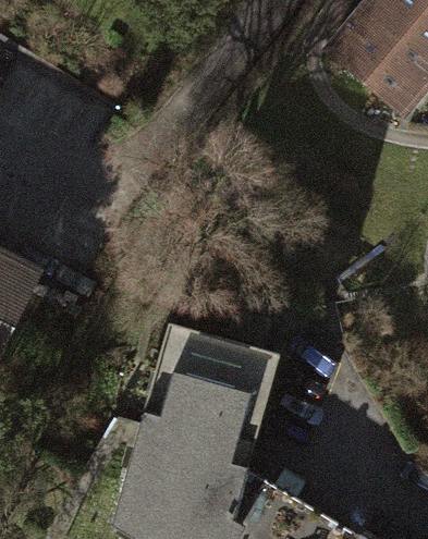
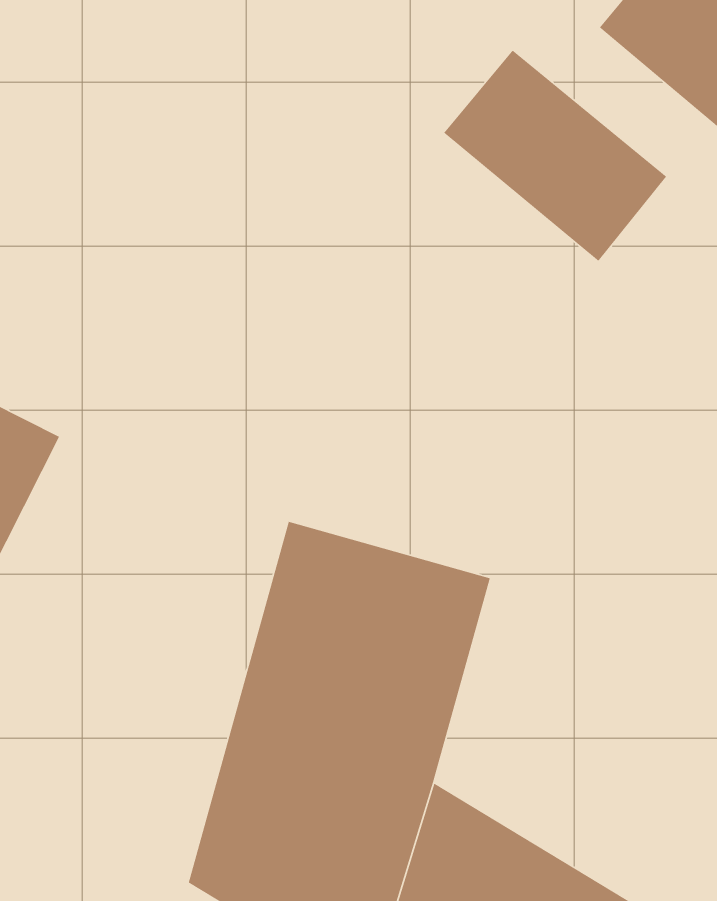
building: none -> [443,50,667,262]

